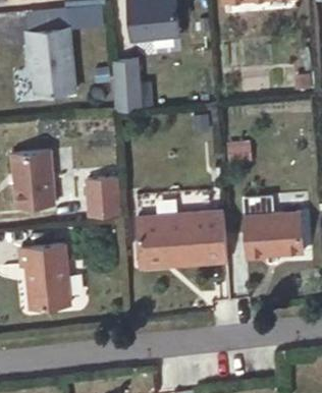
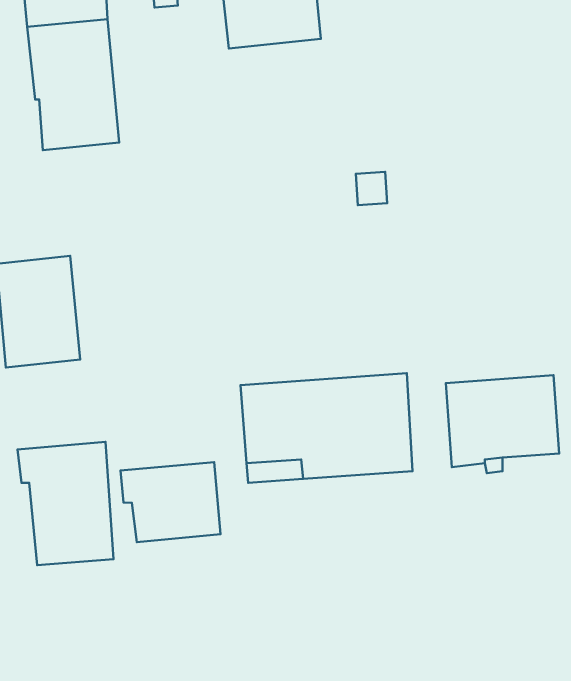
building: [111,60,140,112] -> none
building: [87,177,119,217] -> none
building: none -> [120,462,221,542]

